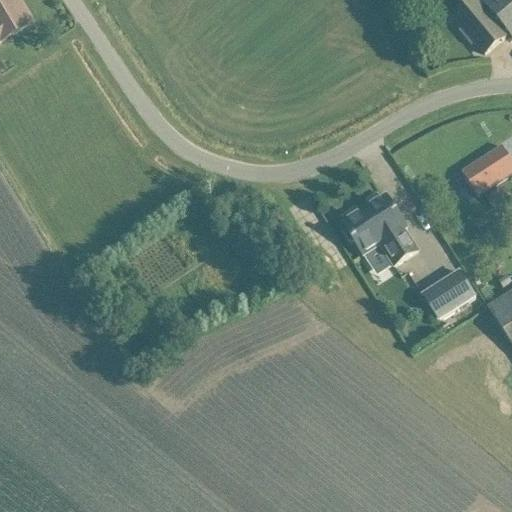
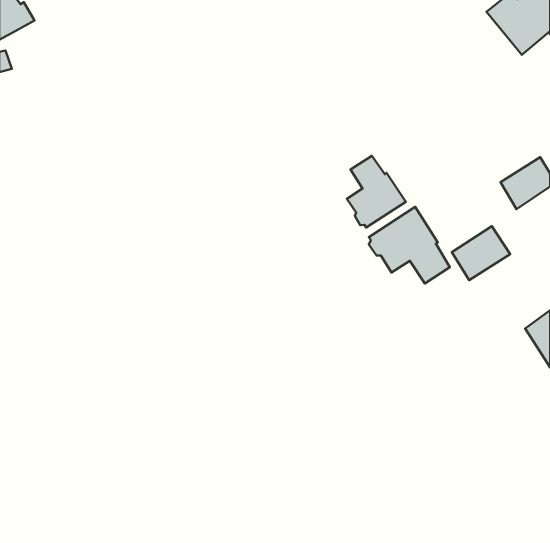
building: none -> [347,156,406,228]
building: [422,267,476,317] -> [452,226,510,280]

